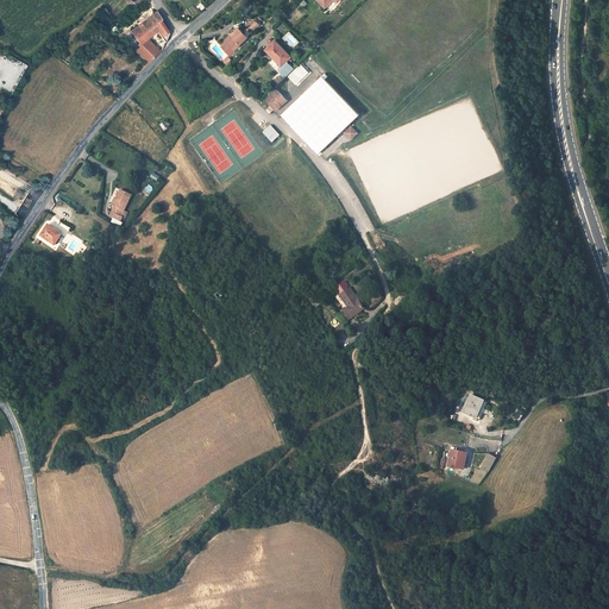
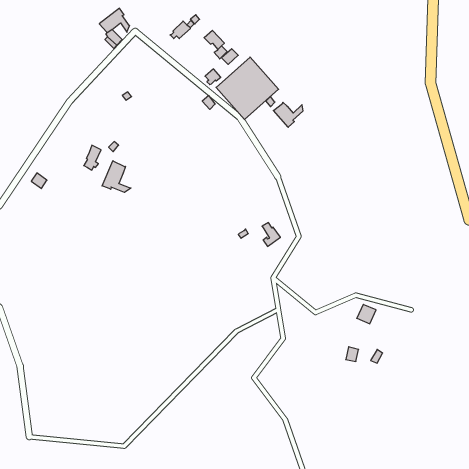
building: none -> [273,102,303,127]
building: none -> [102,161,131,192]

